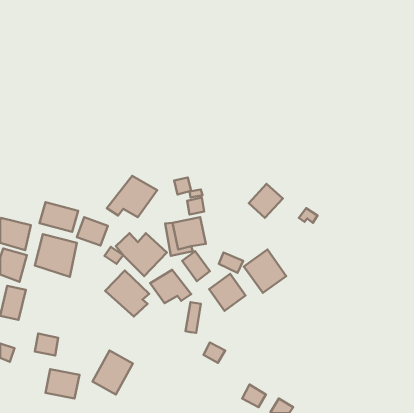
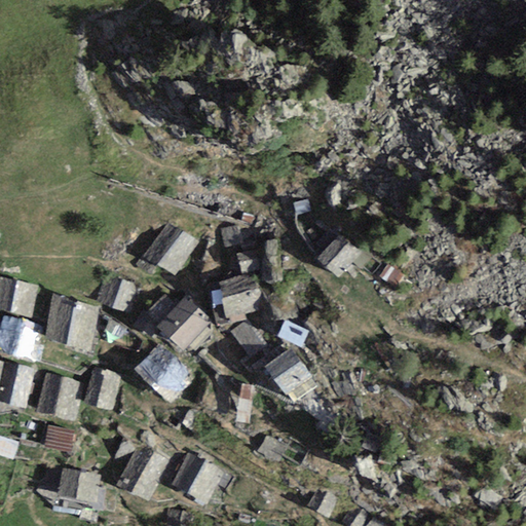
building: [39,202,78,232] -> none
building: [244,250,286,293] -> none
building: [150,270,191,303] -> none
building: none -> [84,368,120,410]
building: none -> [37,373,81,418]
building: none -> [172,451,223,502]

